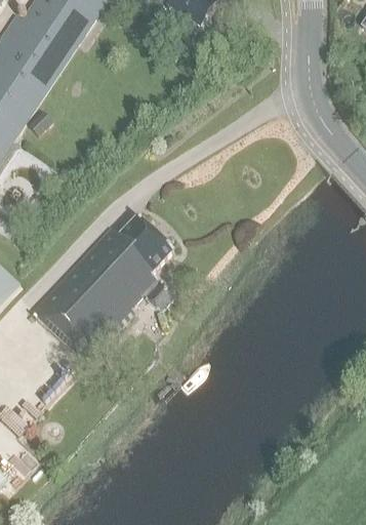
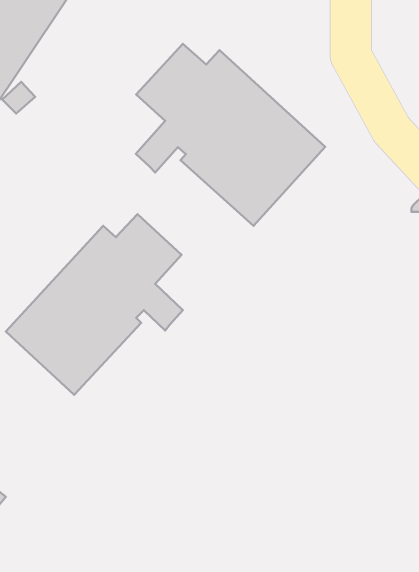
building: none -> [136,44,325,226]

